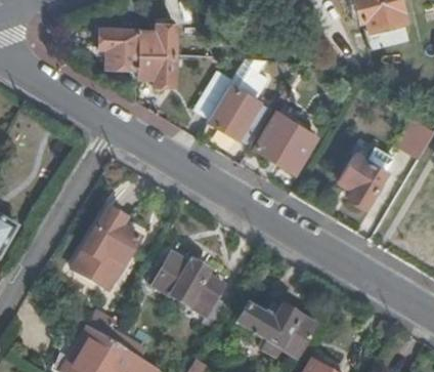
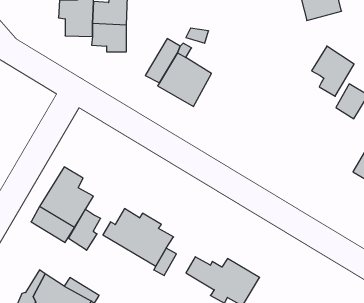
building: [256,111,316,169] -> none
building: [339,151,385,205] -> [312,46,354,96]
building: none -> [69,209,101,250]

